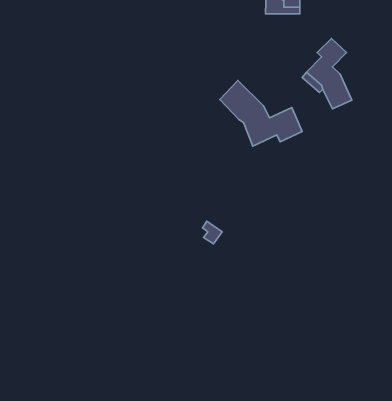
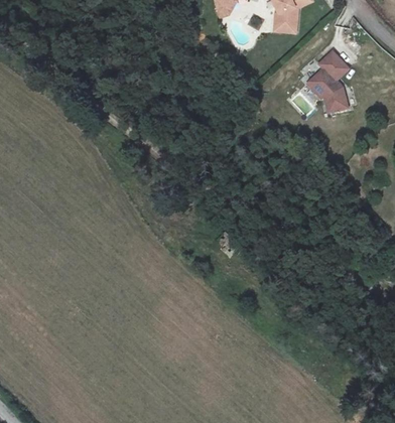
building: [220,80,302,146] -> none

